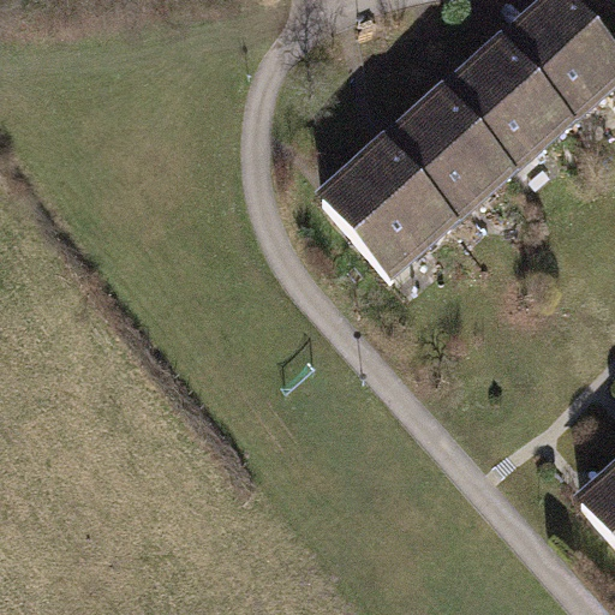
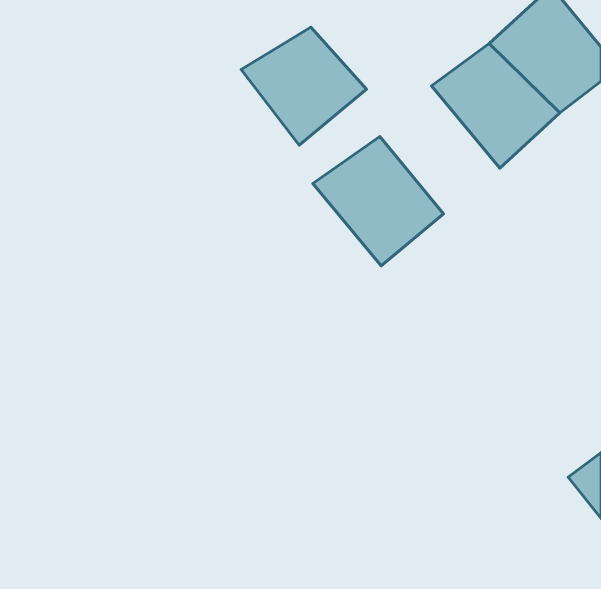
building: none -> [241,27,367,145]
building: [388,88,510,219] -> none

